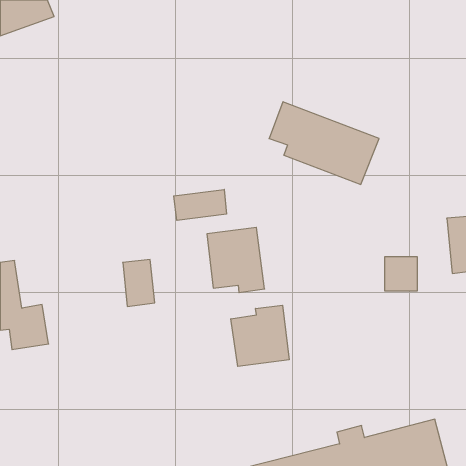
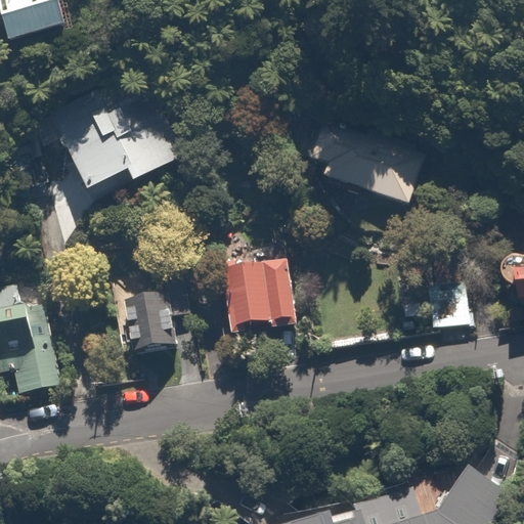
building: none -> [48,70,181,189]
building: [174,189,226,220] -> none
building: [231,305,289,366] -> none

